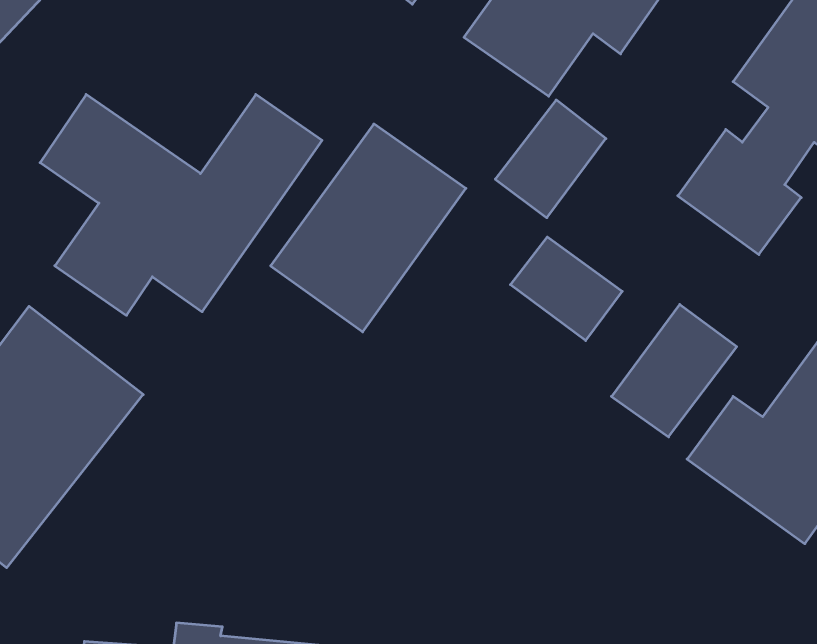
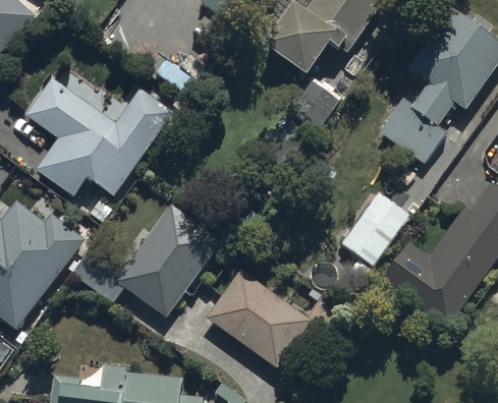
building: [271,124,466,332] -> [114,203,222,318]
building: [510,237,622,341] -> none
building: none -> [204,267,312,368]

